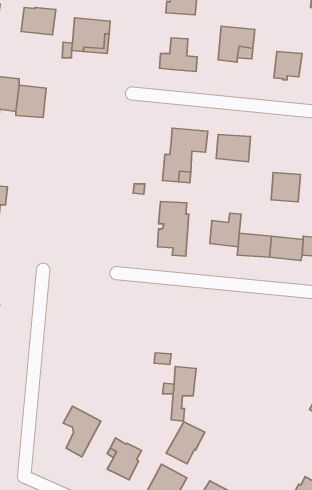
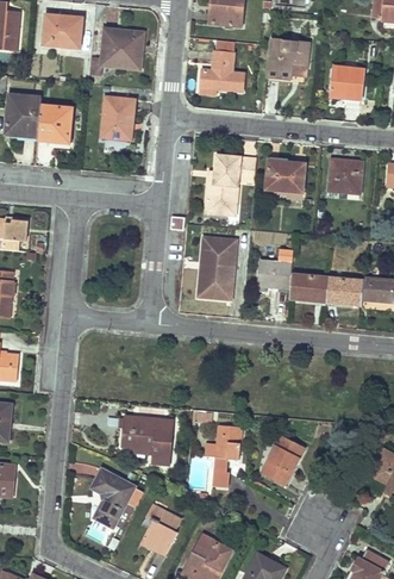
building: none -> [102,96,136,138]
building: [271,172,300,202] -> [329,158,362,192]
building: none -> [120,417,173,463]
building: [166,422,205,464] -> [262,436,306,484]

